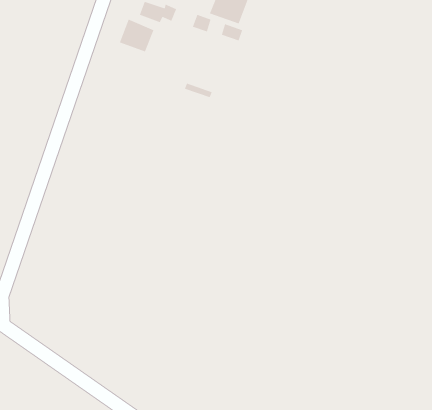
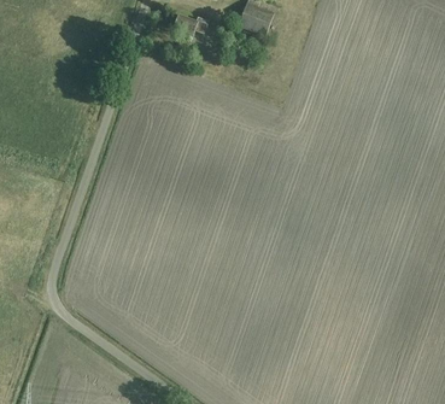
building: [119,18,155,52] -> none

